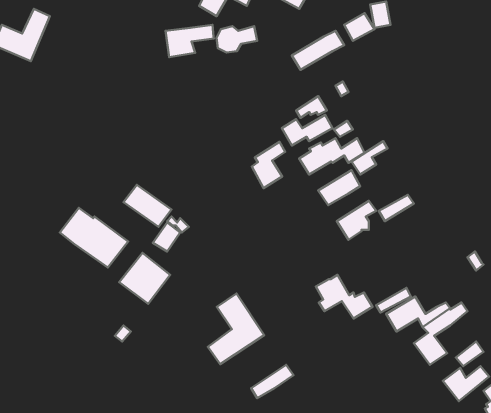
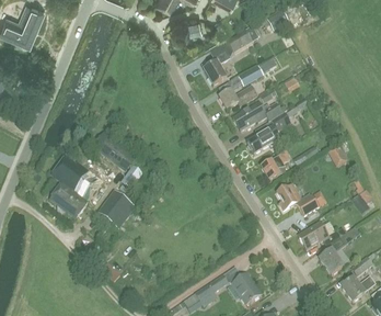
building: [166,25,214,57] -> none
building: [252,142,285,188] -> [203,53,228,88]
building: none -> [50,185,86,218]
building: [316,275,372,319] -> [275,184,318,217]
building: [208,293,264,364] -> none
building: none -> [231,274,259,305]

